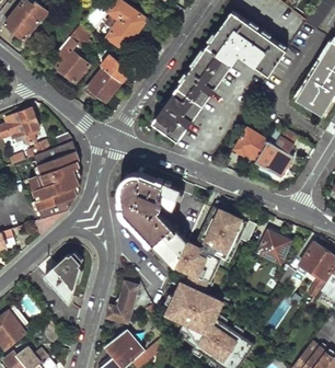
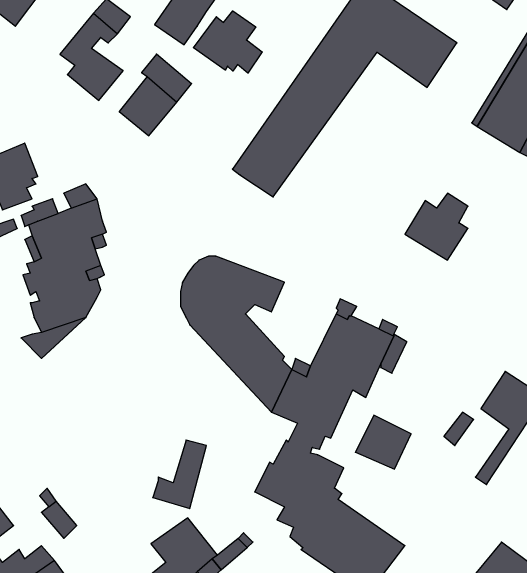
building: none -> [193,11,262,73]
building: [233,128,267,162] -> none
building: [256,230,289,262] -> [355,415,411,469]
building: [43,252,81,303] -> none

